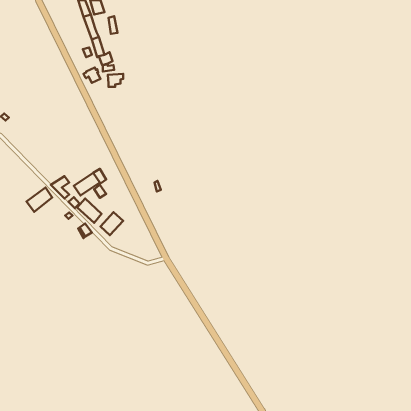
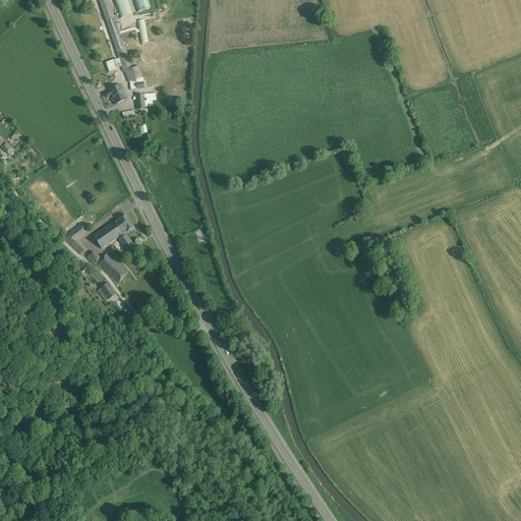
building: [27,187,52,212] -> none
building: [100,212,123,235] -> none

